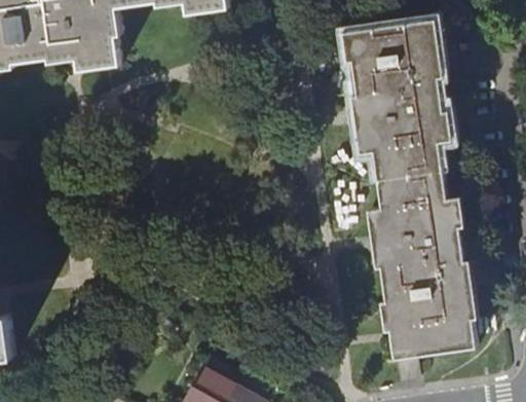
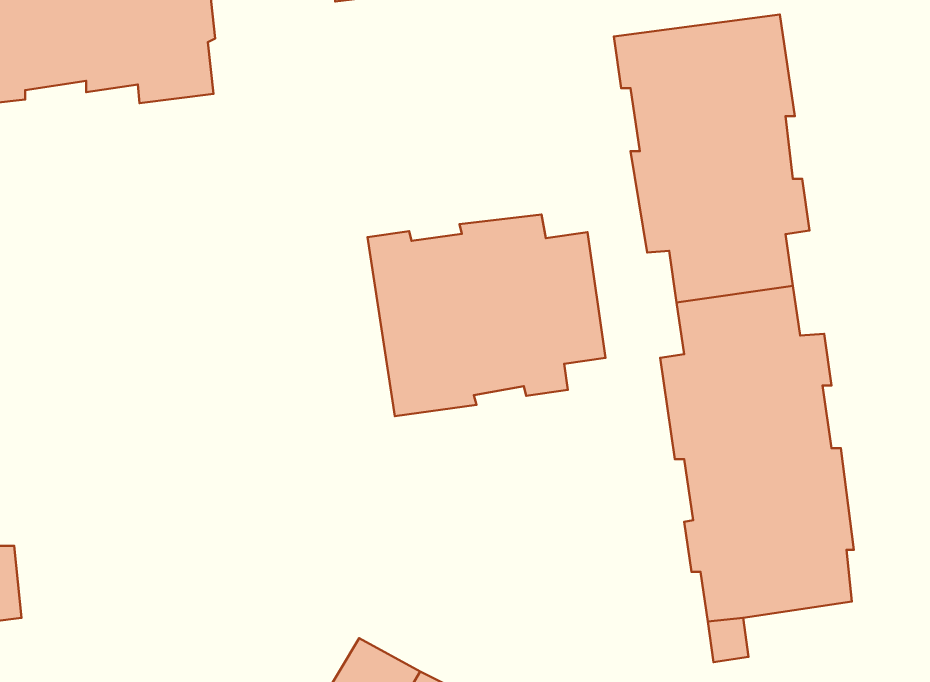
building: none -> [368,215,606,416]

